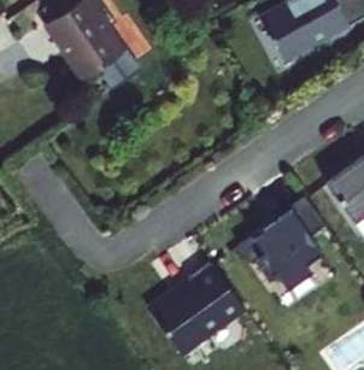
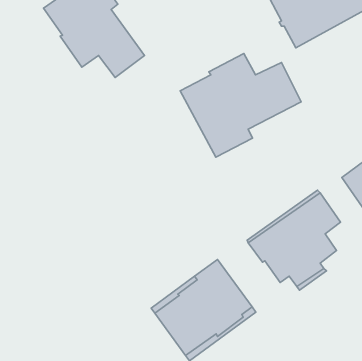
building: none -> [180,53,301,157]

